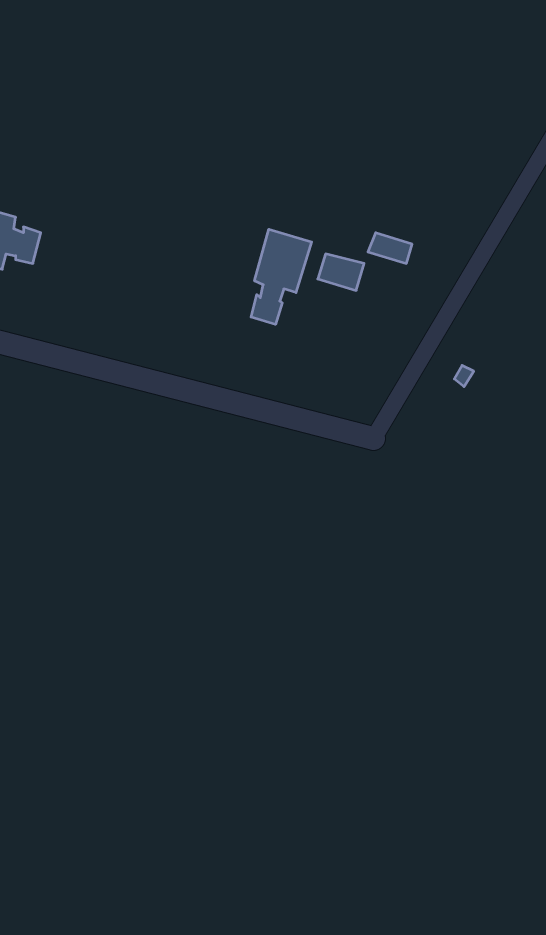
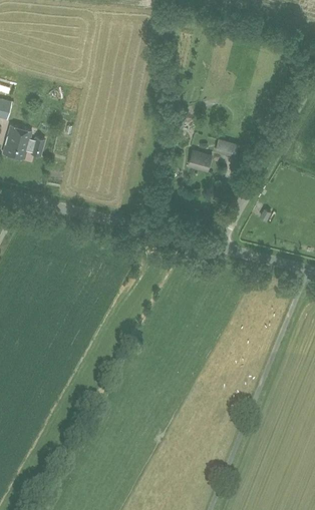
building: [251,229,312,324] -> none

